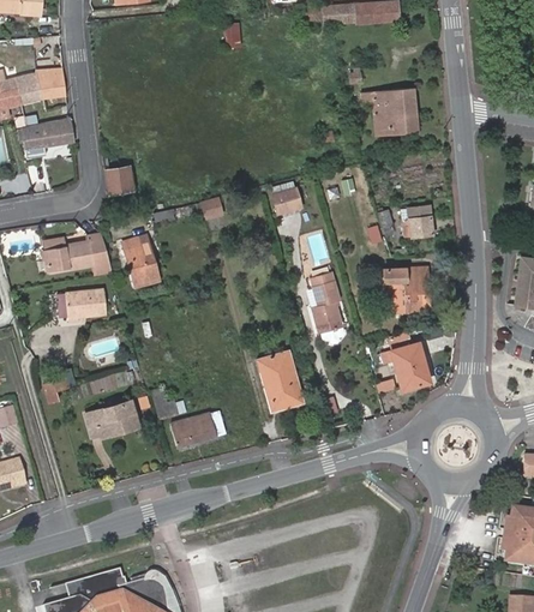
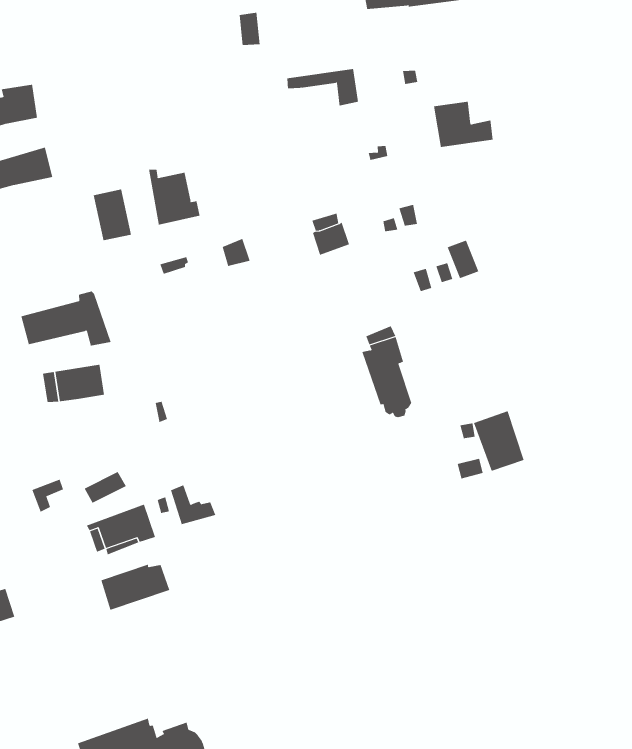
building: [361,89,416,118] -> [287,68,359,106]
building: none -> [149,169,200,225]
building: [407,205,432,236] -> none
building: [122,235,158,287] -> none
building: [383,266,428,311] -> none
building: [257,350,301,410] -> none
building: [170,412,224,446] -> [100,564,170,610]

